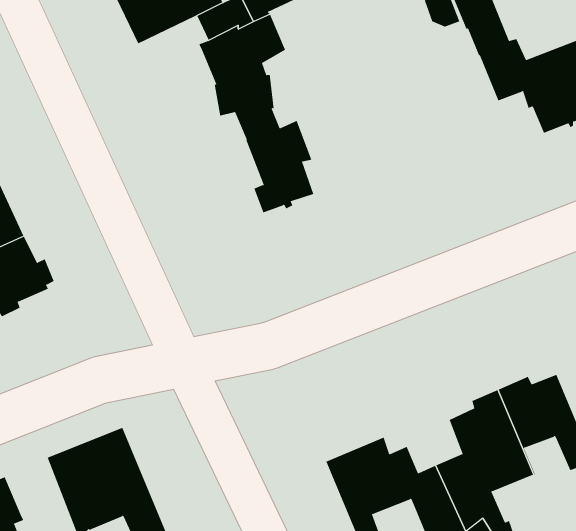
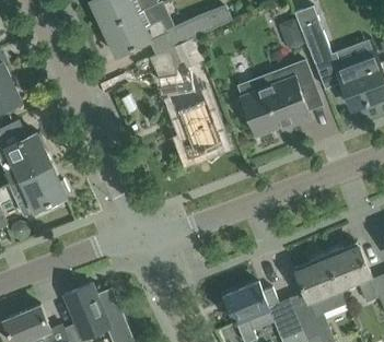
building: none -> [236,61,319,137]

